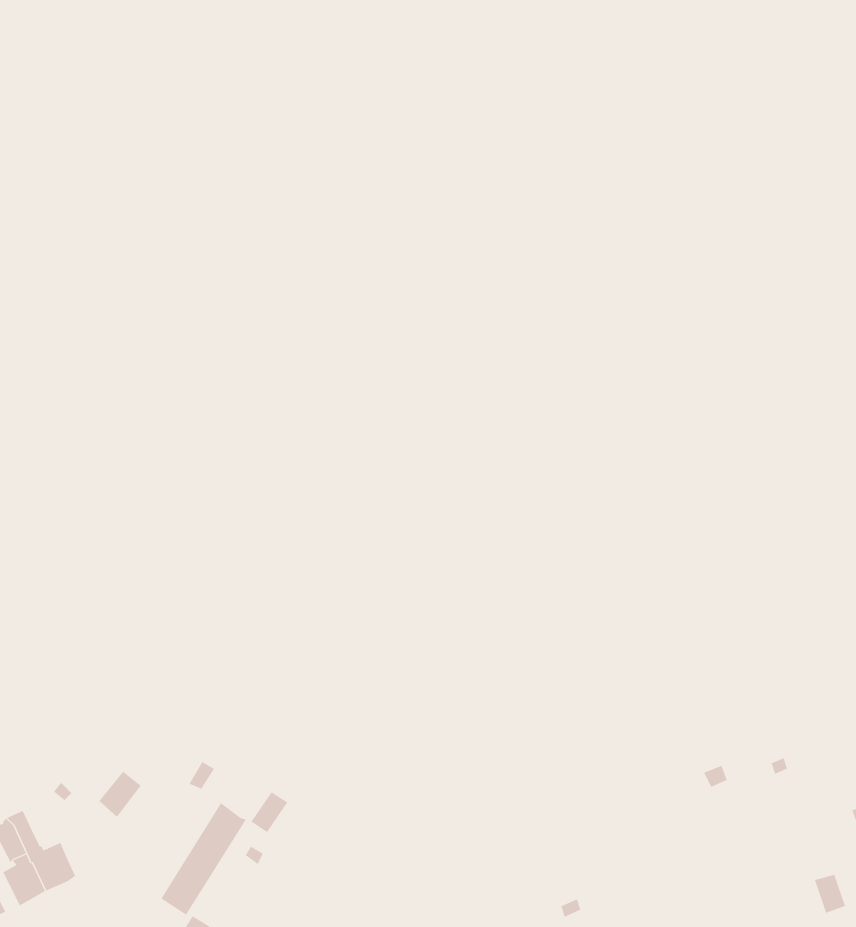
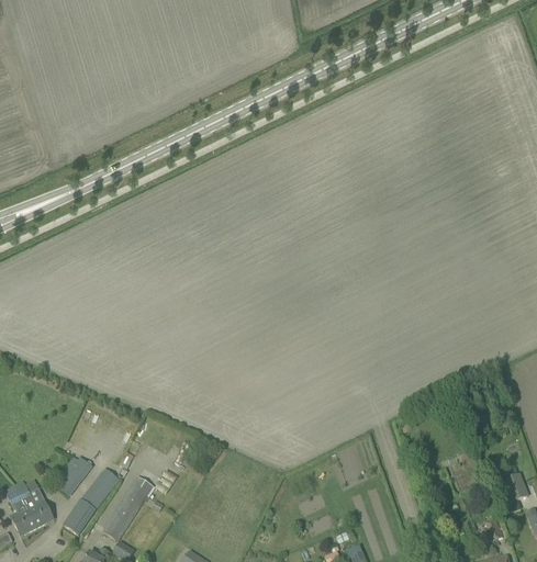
building: none -> [64,468,120,535]

